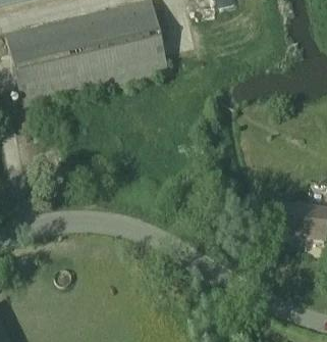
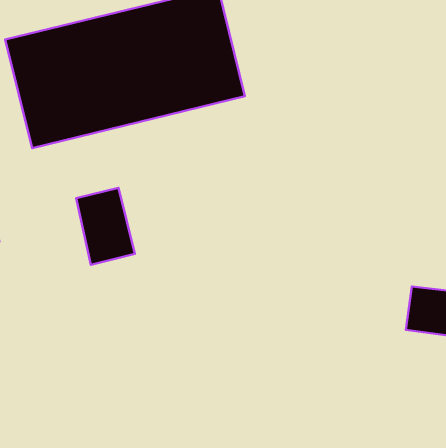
building: none -> [76,188,135,265]

